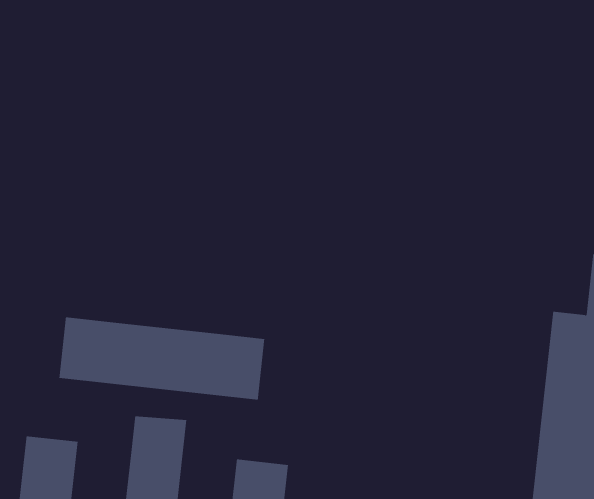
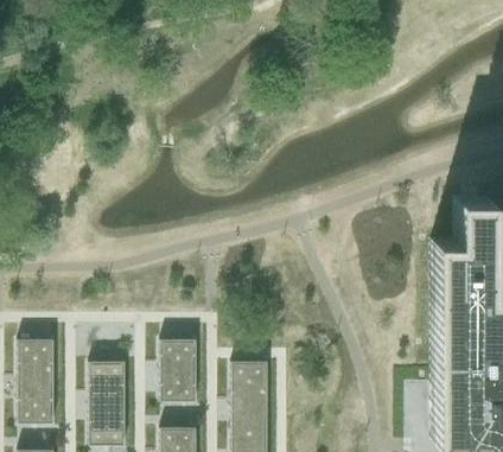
building: [59,316,265,400] -> none

